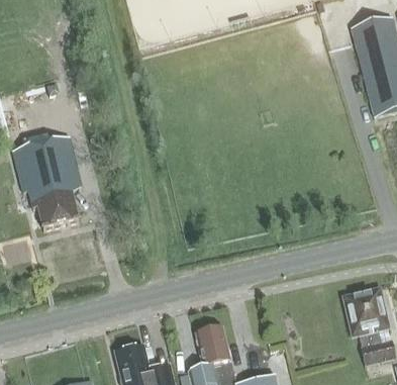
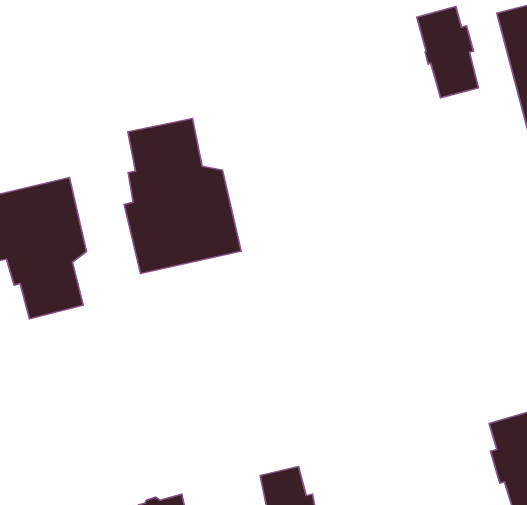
building: none -> [417,7,479,98]
building: none -> [124,119,241,273]

